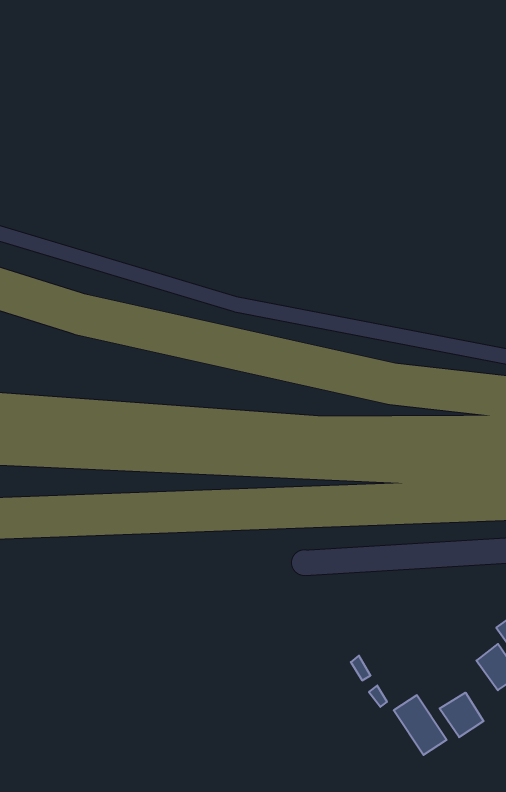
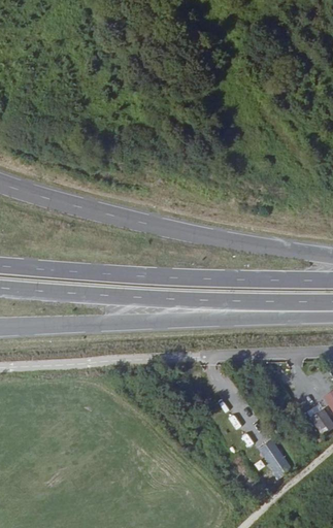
building: [440,693,484,737] -> none

